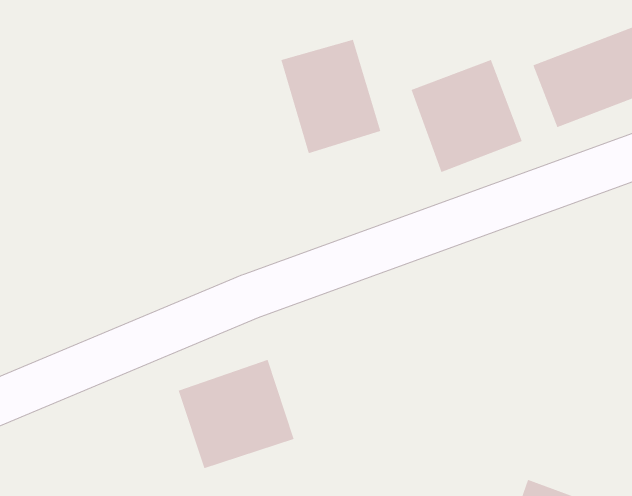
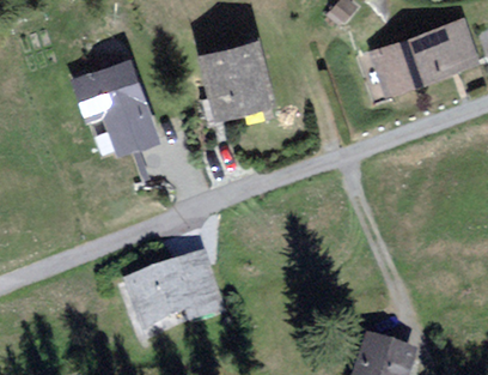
building: [411,59,523,173] -> none
building: none -> [68,54,163,153]

